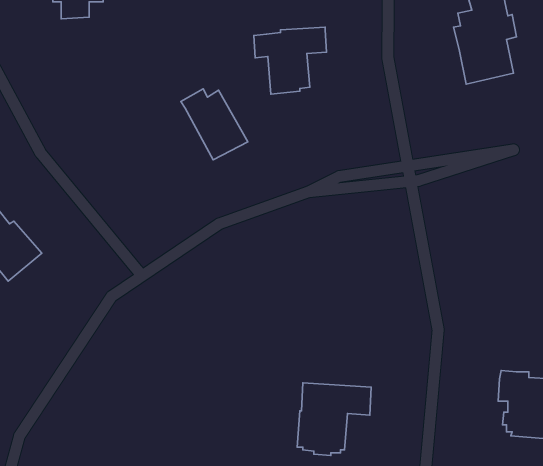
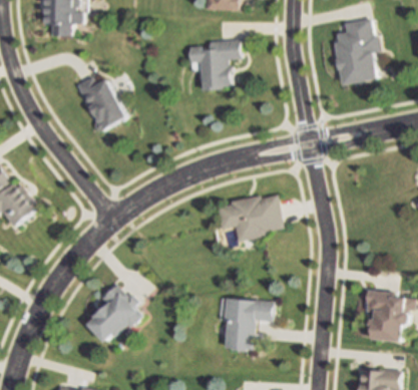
building: [181,89,248,160] -> [78,80,126,131]
building: none -> [217,194,284,242]
building: none -> [88,283,143,341]

